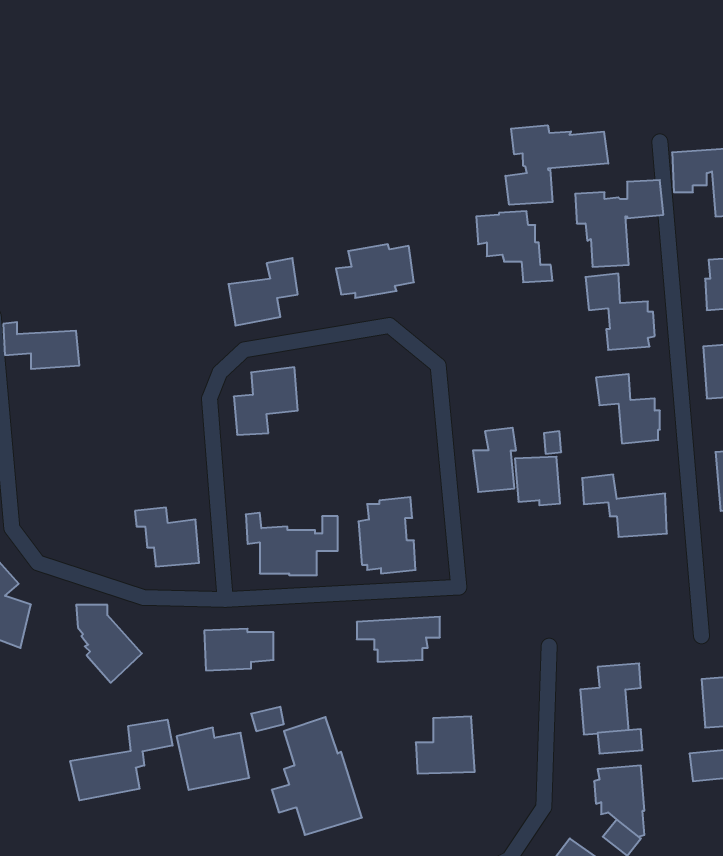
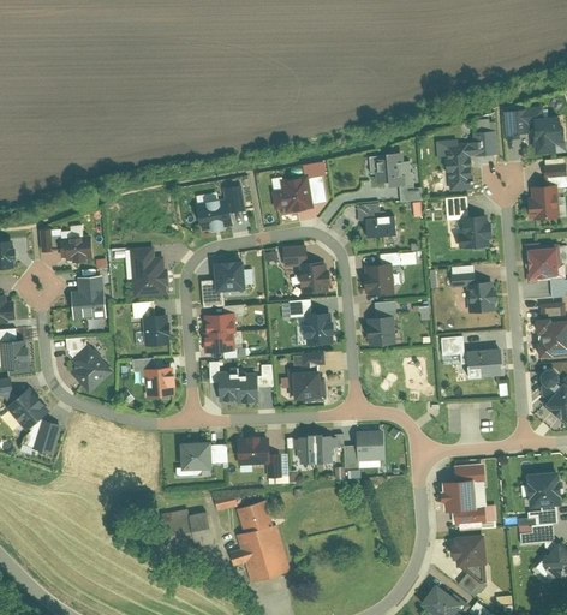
building: [505,125,608,205] -> none
building: none -> [358,202,396,237]
building: none -> [284,244,330,292]
building: none -> [130,245,168,297]
building: none -> [72,275,105,320]
building: none -> [290,299,333,345]
building: none -> [132,300,169,346]
building: none -> [203,311,237,352]
building: [515,457,560,505] -> [363,263,394,297]
building: [76,605,142,683] -> [66,336,112,390]
building: none -> [237,436,288,478]
building: [416,716,475,774] -> [345,428,386,467]
building: [70,720,173,800] -> none

